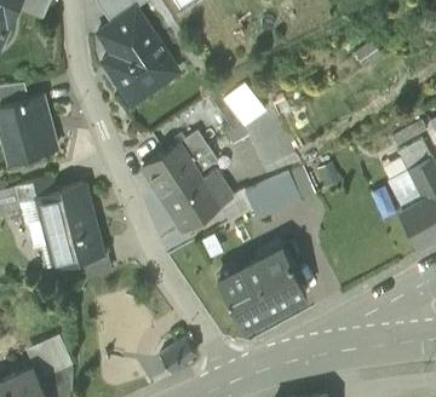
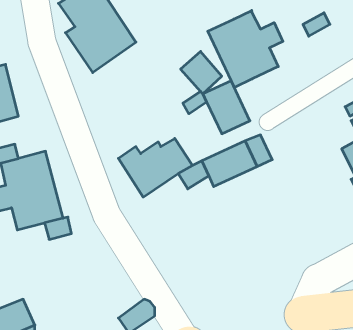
building: none -> [208,10,283,88]
building: [143,133,218,192] -> none
building: [217,248,305,328] -> none

